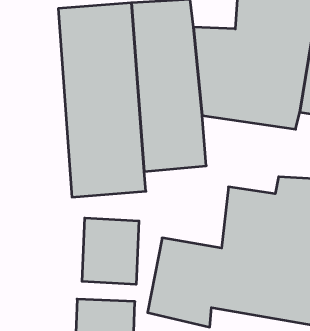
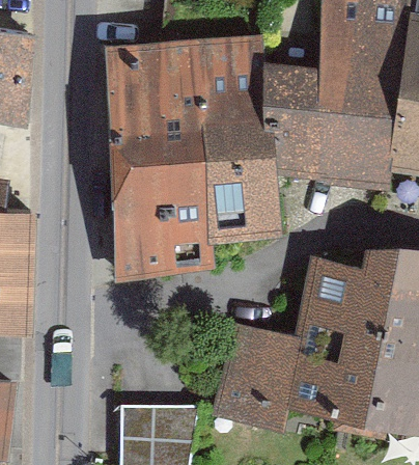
building: [82,218,139,284] -> none

